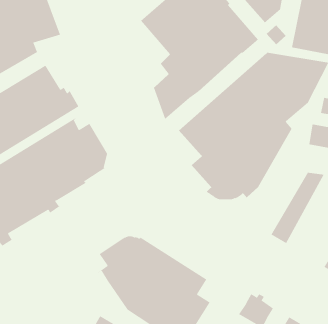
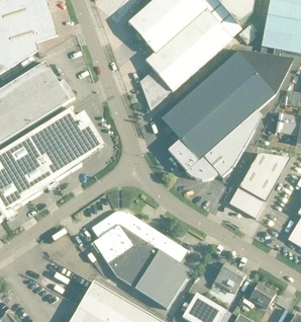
building: none -> [229,152,275,210]

